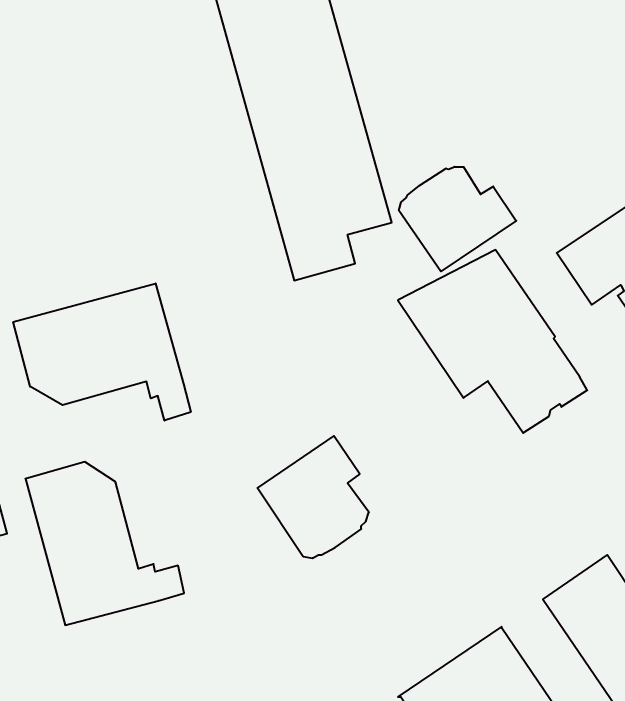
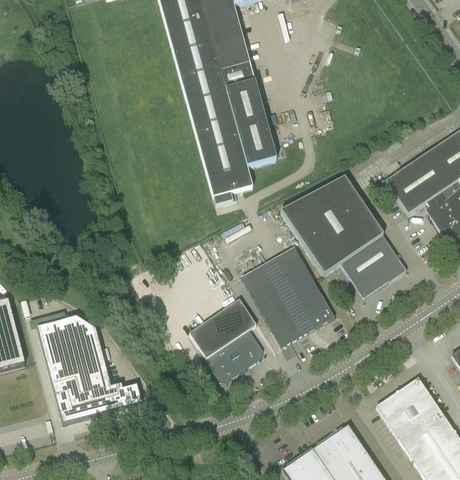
building: [399,167,516,271] -> none
building: [13,283,191,421] -> none
building: none -> [241,246,334,347]

